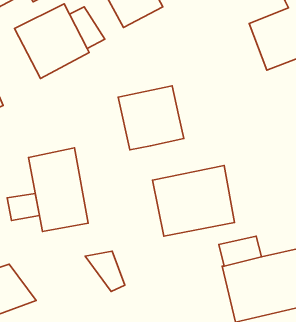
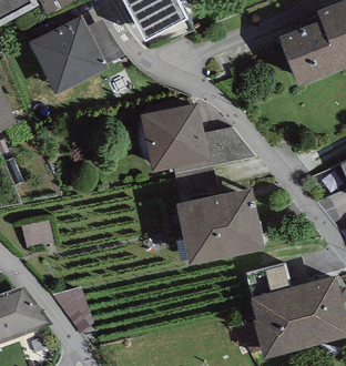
building: none -> [173,124,255,170]
building: [28,148,88,231] -> none
building: [85,251,125,292] -> [52,288,94,332]

